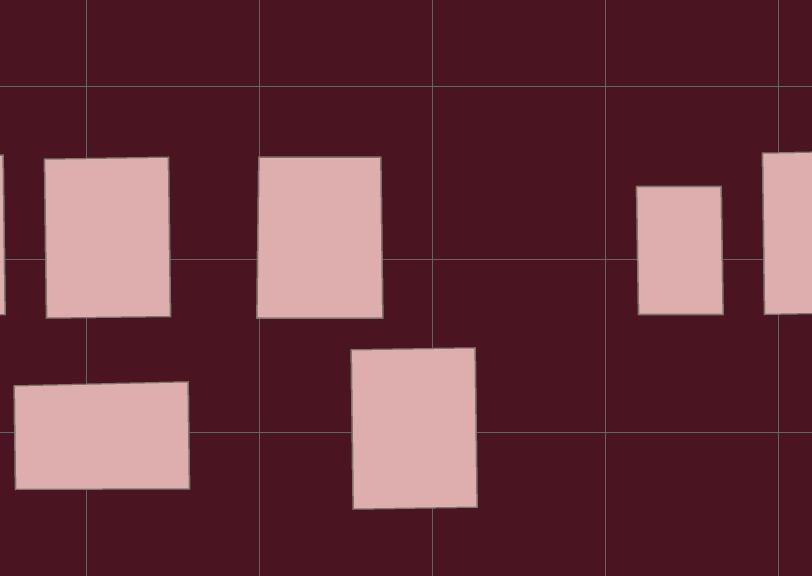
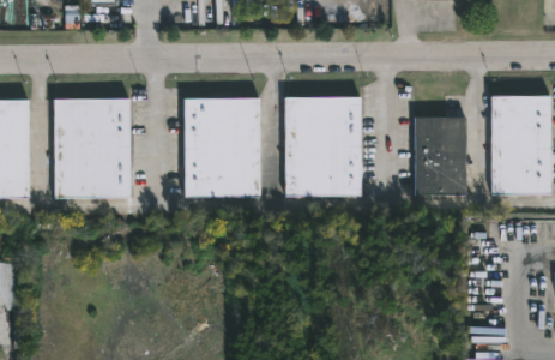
building: [351,348,477,509] -> [285,96,362,194]
building: [14,382,190,489] -> none

